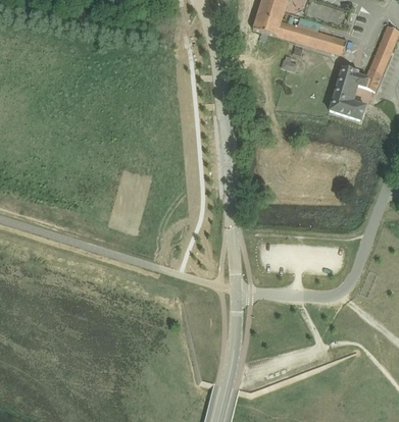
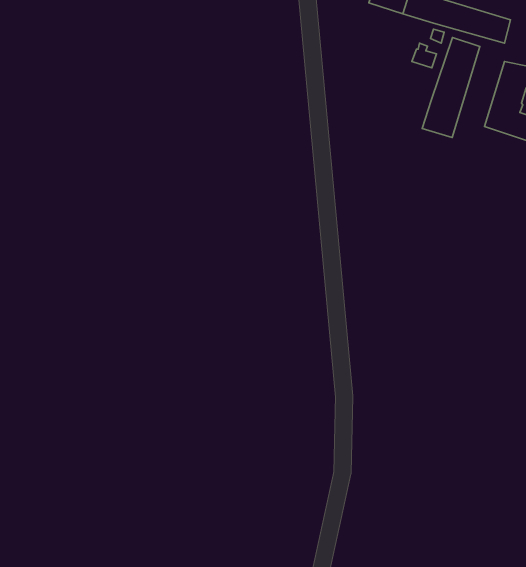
building: none -> [422,37,480,137]

